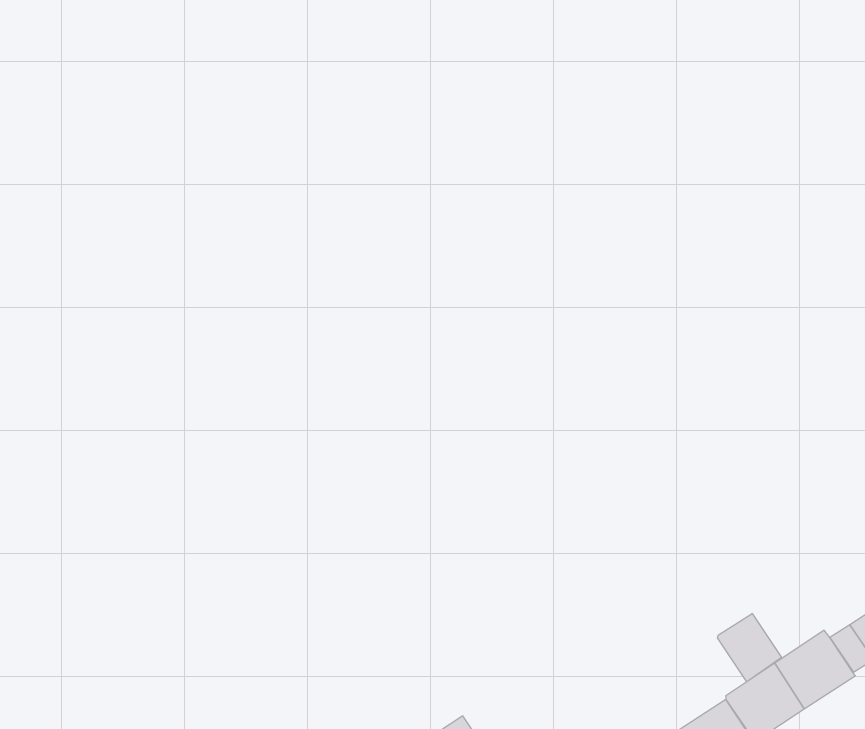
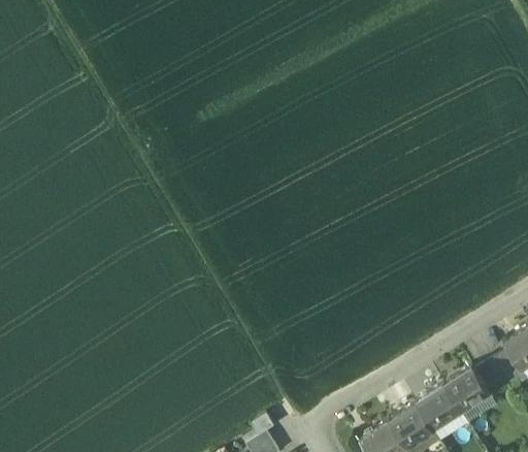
building: [717,613,782,682] -> none

